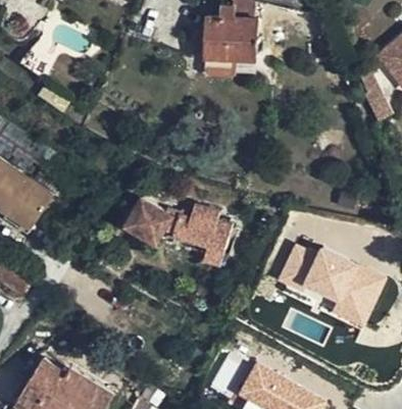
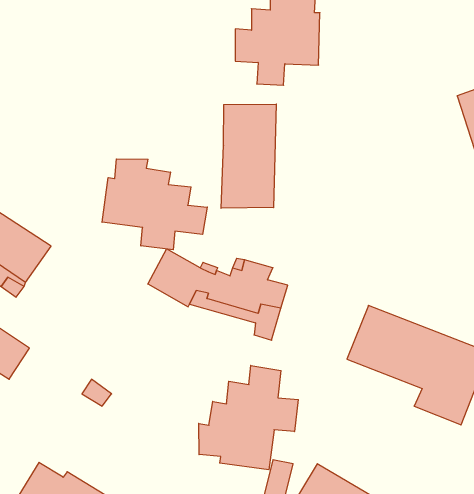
building: none -> [221,104,276,208]
building: none -> [102,159,207,250]
building: none -> [199,365,298,470]

